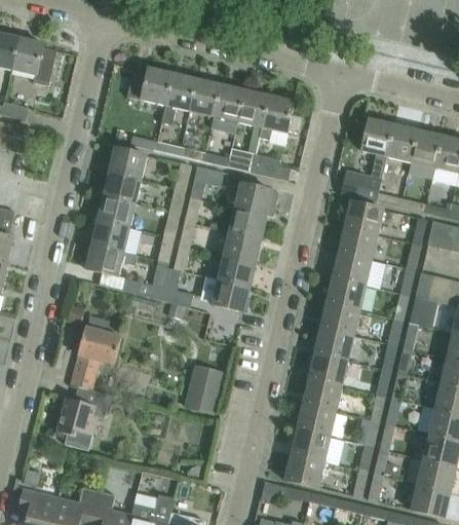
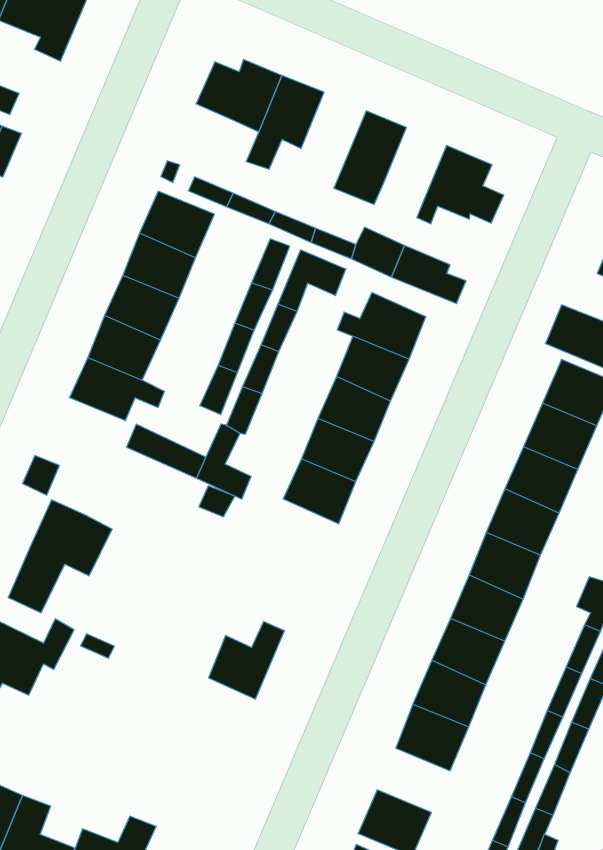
building: [188,77,220,115] -> none
building: [236,88,267,126] -> none
building: [291,428,329,460] -> none

